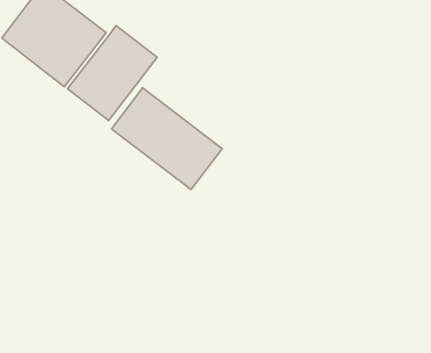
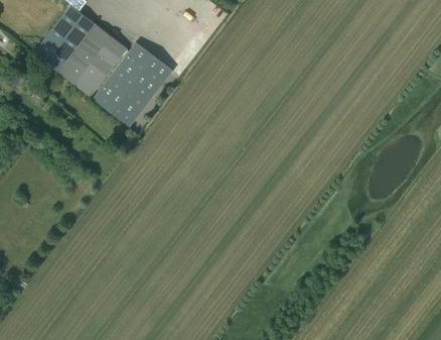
building: [112,88,222,190] -> none

